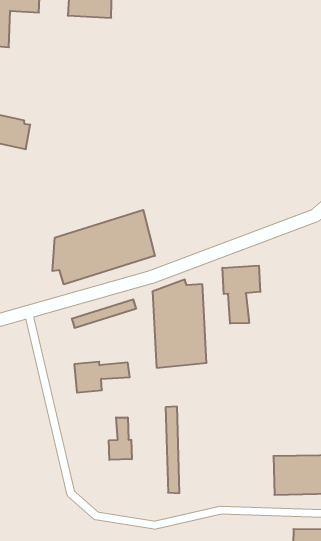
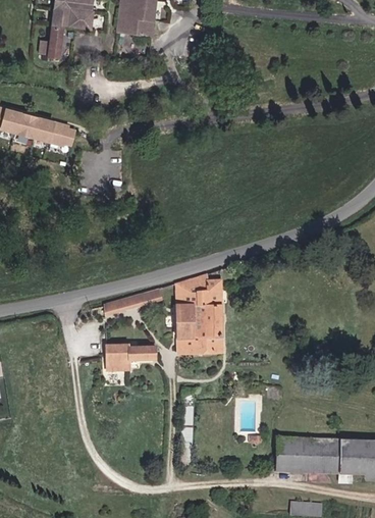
building: [52,210,155,284] -> none
building: [222,266,260,324] -> none
building: [109,417,132,460] -> none

